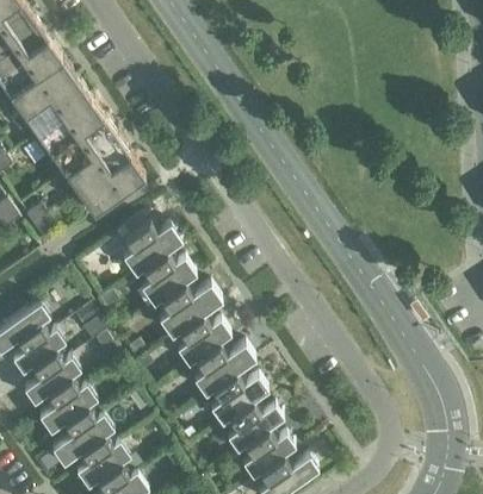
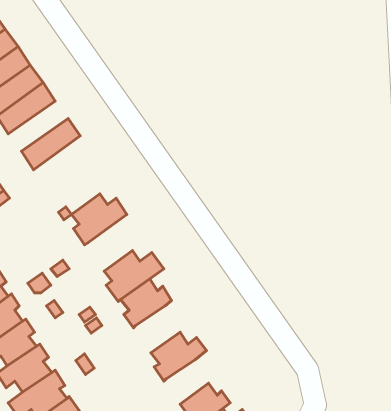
building: [50,118,116,173] -> none
building: [78,156,143,213] -> none
building: [137,250,194,306] -> none
building: [190,342,254,395] -> none
building: [223,400,283,451] -> none

